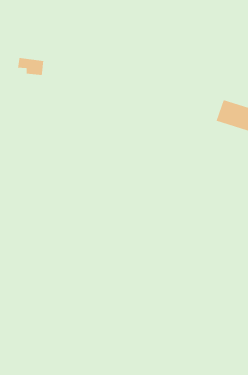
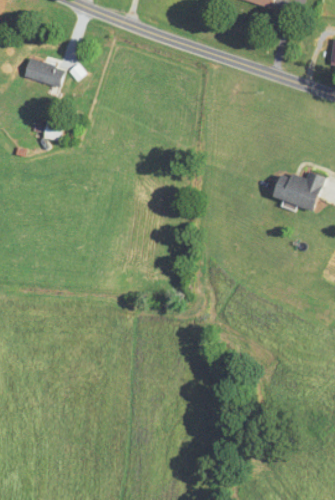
building: none -> [24,59,66,88]

